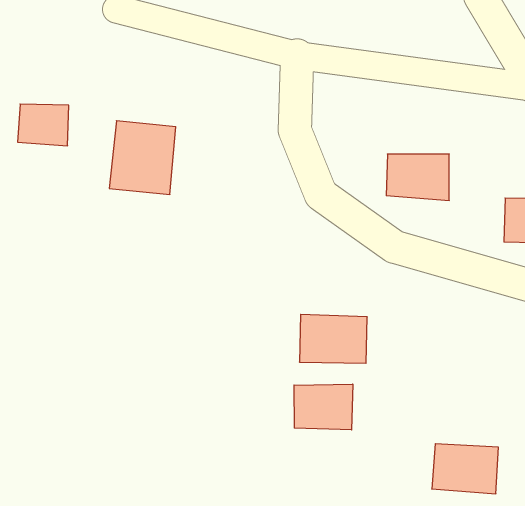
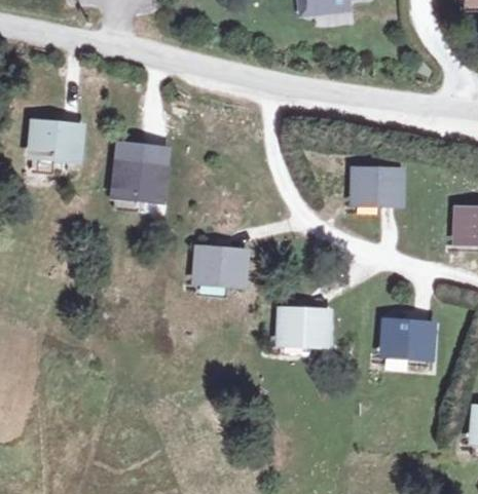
building: none -> [189,243,247,290]
building: [294,384,353,430] -> none
building: [432,444,498,494] -> [379,317,437,360]

